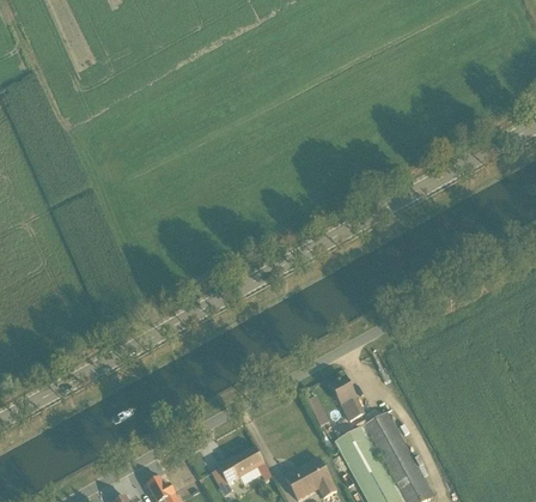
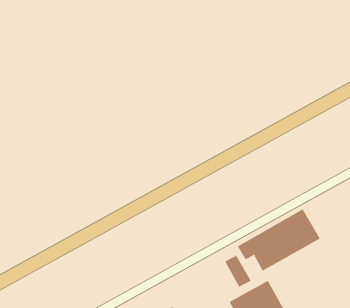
building: none -> [237,208,320,271]

